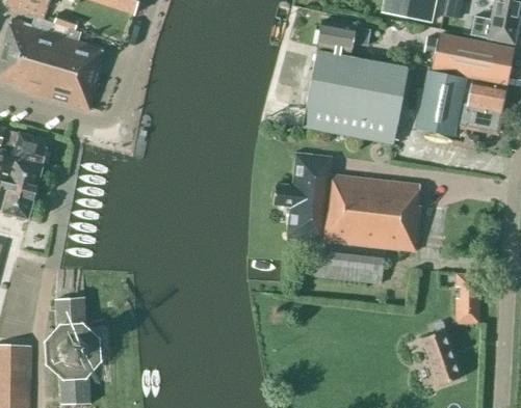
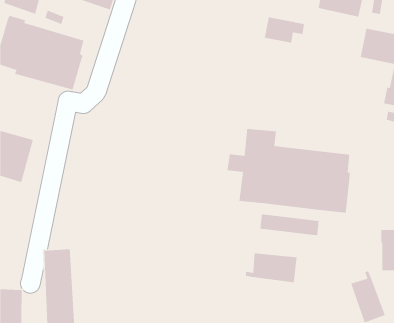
building: [303,50,408,143] -> none
building: [417,70,466,136] -> none
building: [7,130,48,164] -> none
building: none -> [245,252,298,283]

